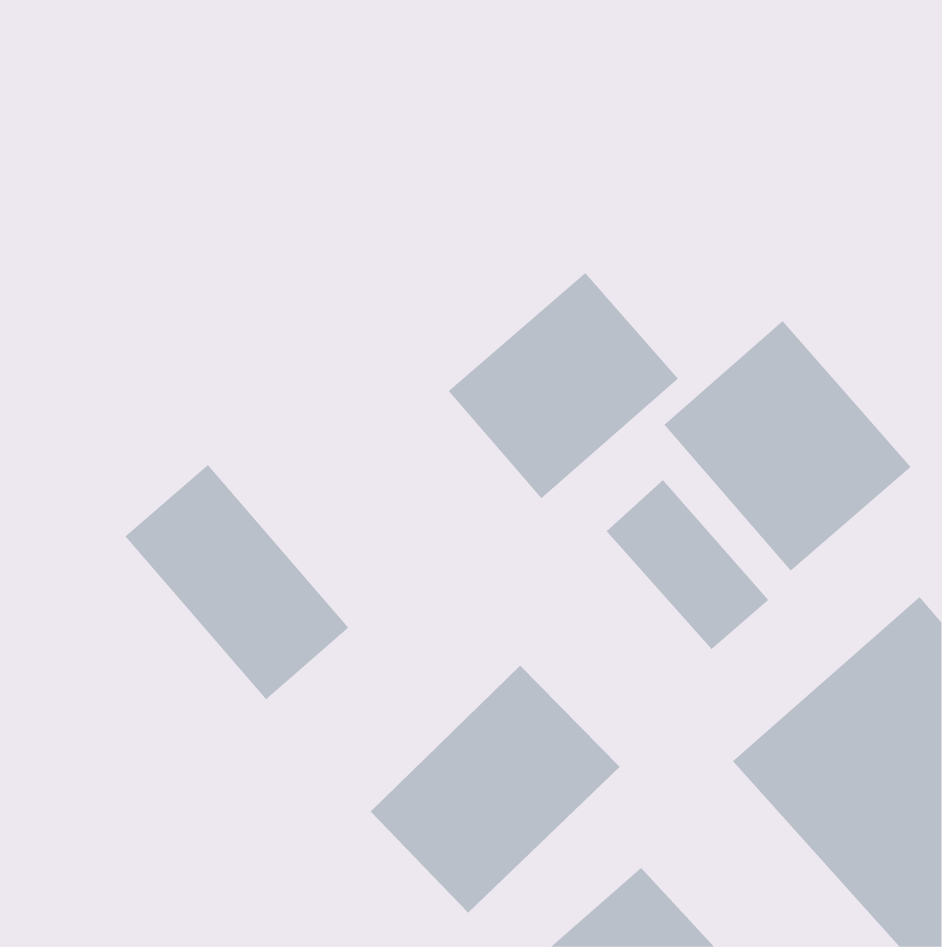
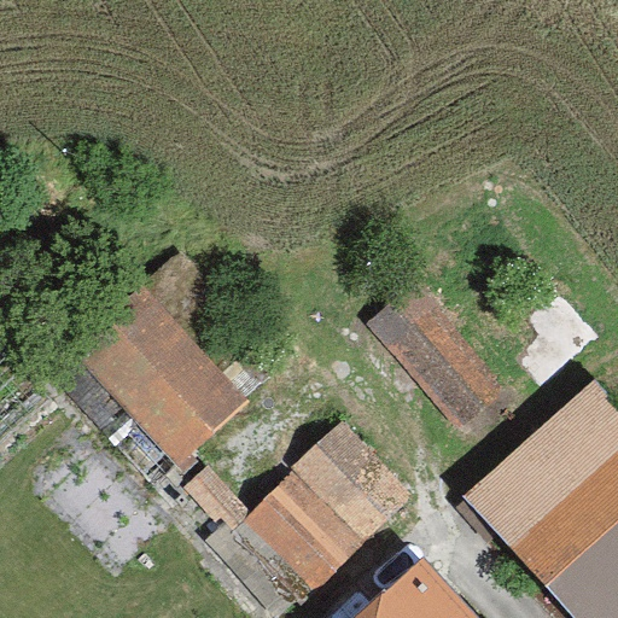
building: [448,272,679,499] -> none
building: [664,320,912,571] -> none

